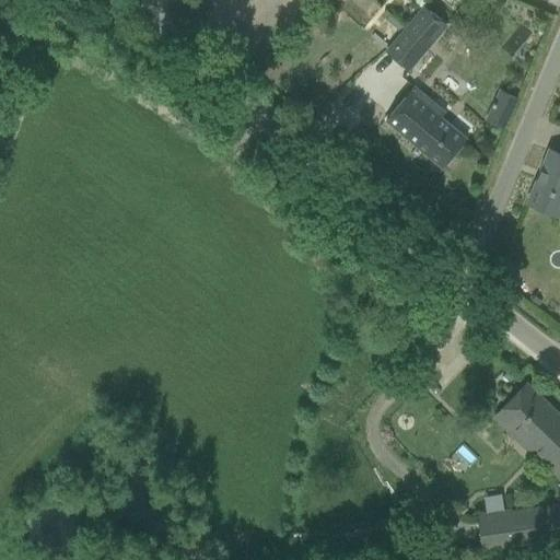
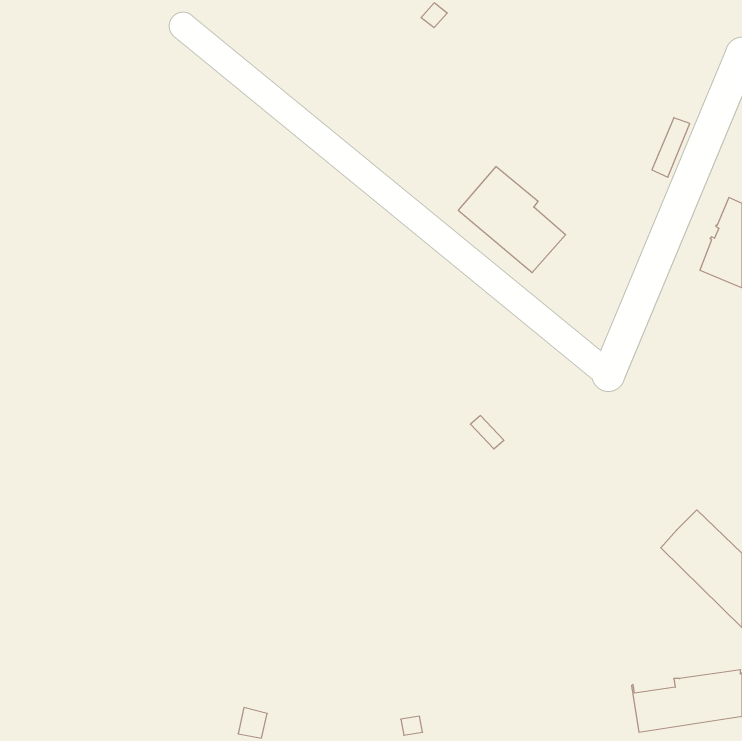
building: [386,7,445,69] -> none
building: [385,86,466,166] -> [458,167,566,273]

